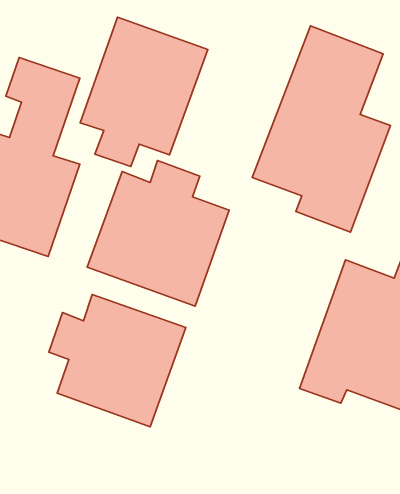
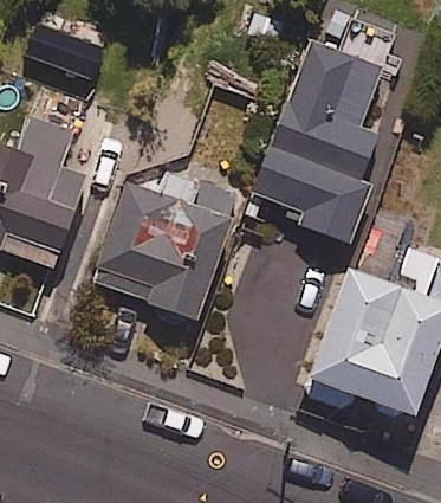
building: [80,17,208,167] -> none
building: [49,294,186,427] -> none

